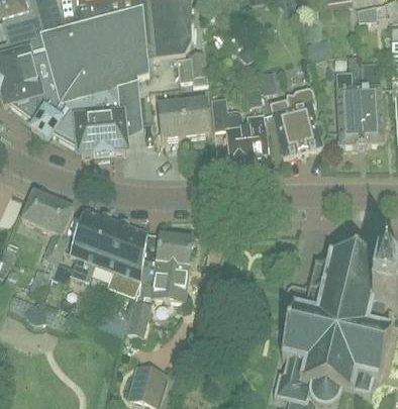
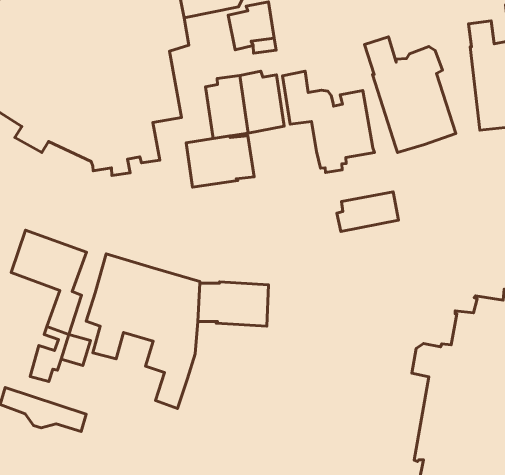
building: none -> [186,136,254,187]
building: none -> [337,192,398,231]
building: [125,257,189,335] -> none

